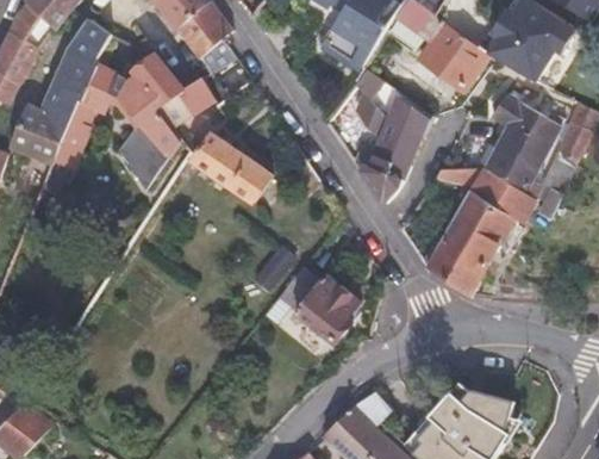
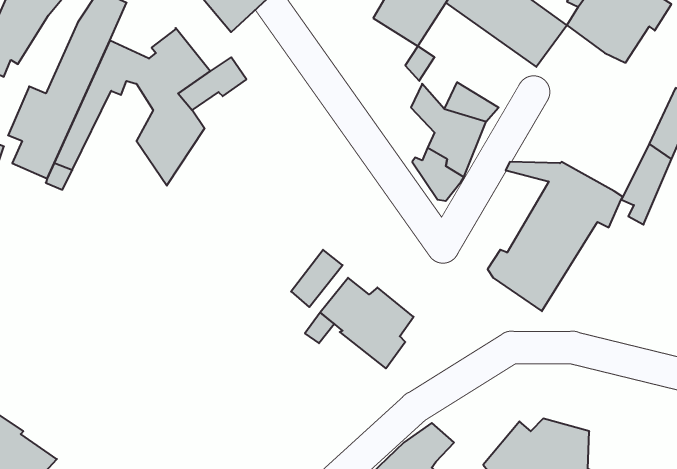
building: [483,94,561,192] -> none
building: [195,134,270,198] -> none

